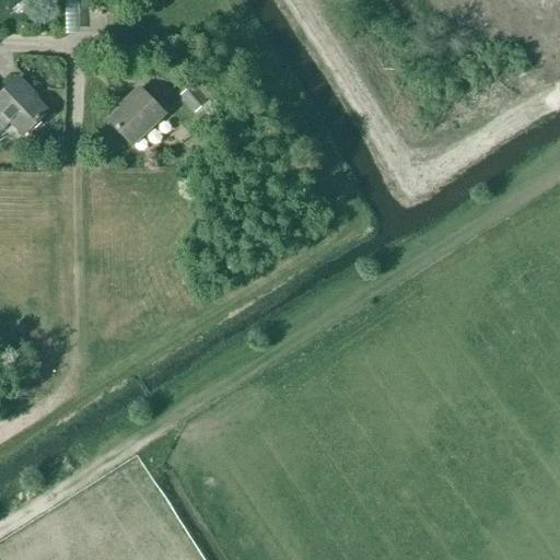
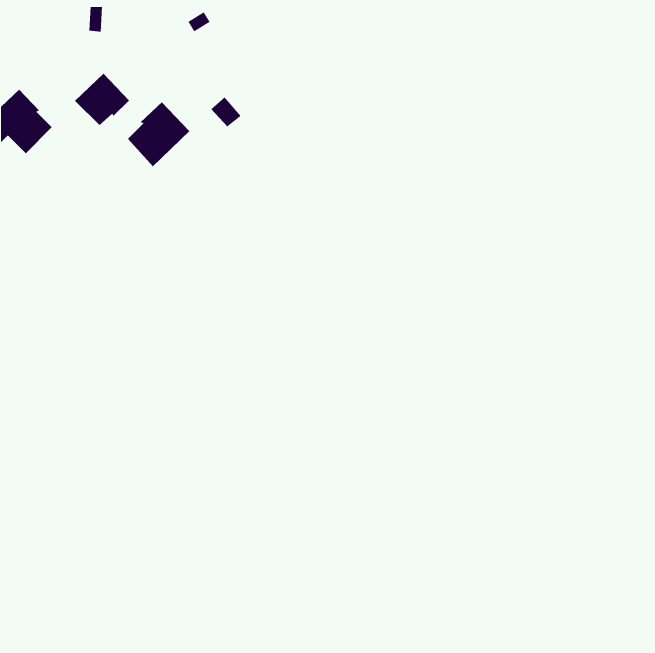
building: none -> [74,73,130,126]

